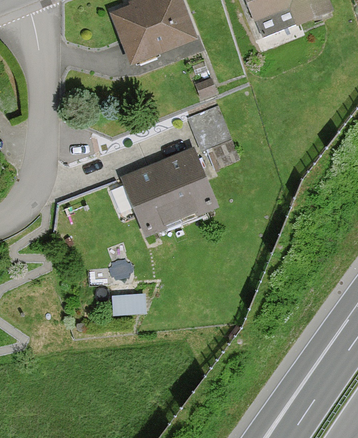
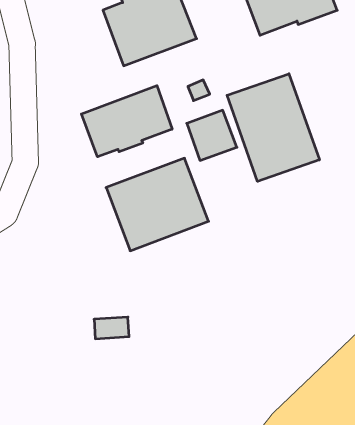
building: none -> [227,74,319,181]
building: none -> [81,86,172,157]

